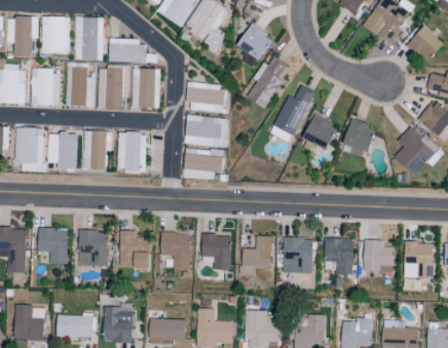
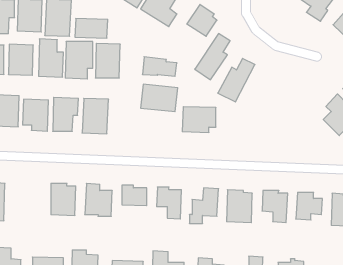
building: [302,114,337,150] -> none
building: [343,119,375,153] -> none
building: [183,149,222,179] -> [182,107,216,132]
building: [38,228,68,265] -> none

